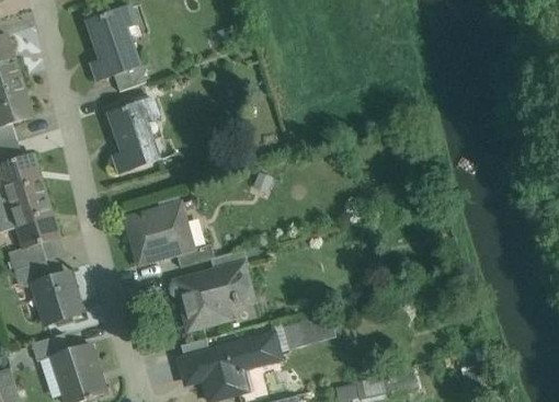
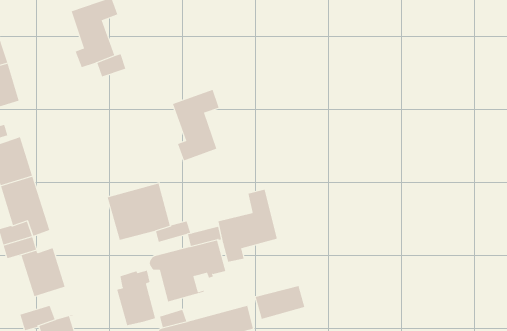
building: [107,96,158,173] -> [172,89,219,161]
building: none -> [218,189,278,263]
building: none -> [116,270,159,326]

